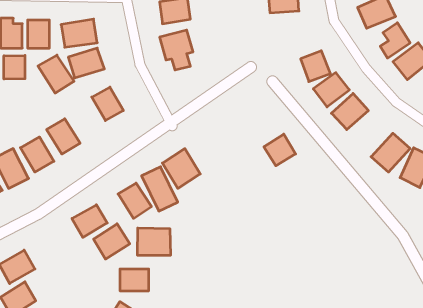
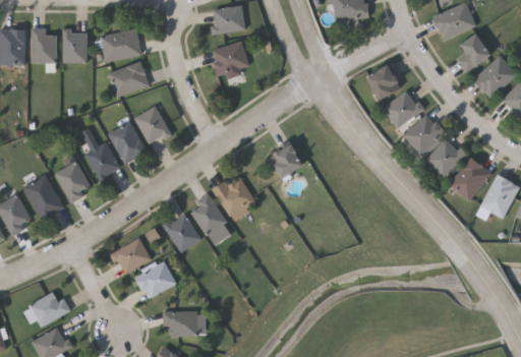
building: [38,55,74,93] -> [106,121,147,164]
building: [4,55,25,79] -> none
building: none -> [424,137,465,177]
building: [264,134,296,166] -> [269,143,304,179]
building: [138,228,170,255] -> none

